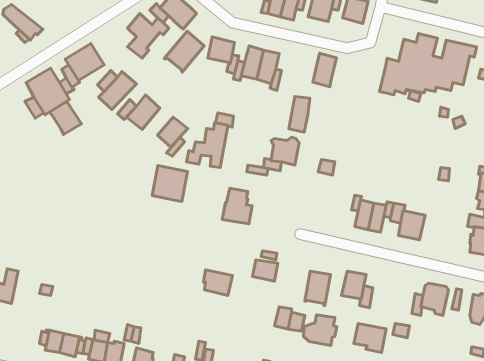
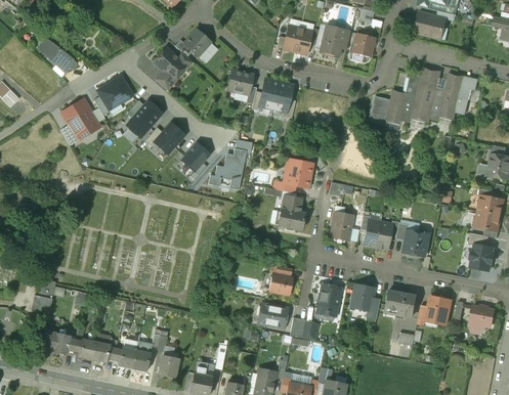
building: [164,31,204,72] -> none
building: [313,53,336,87] -> [370,94,391,125]
building: [289,96,310,132] -> none
building: [50,101,82,134] -> none
building: [152,165,188,202] -> none
building: [222,188,252,224] -> [278,196,305,229]
building: none -> [330,211,353,240]
building: [203,270,232,295] -> [260,304,287,327]
building: [303,315,337,345] -> none
building: none -> [44,332,71,355]
building: [354,323,386,352] -> [384,291,414,317]

